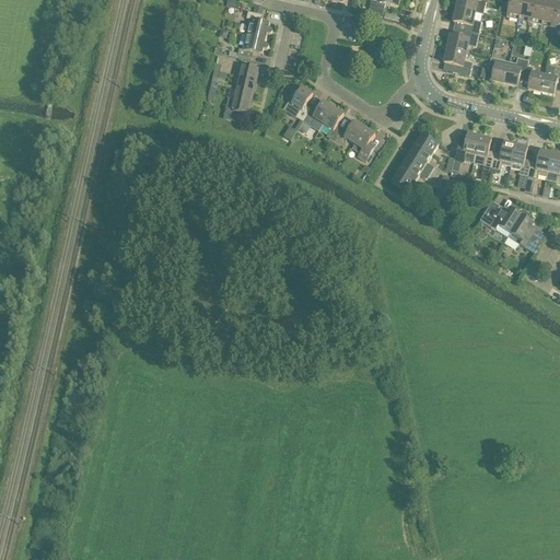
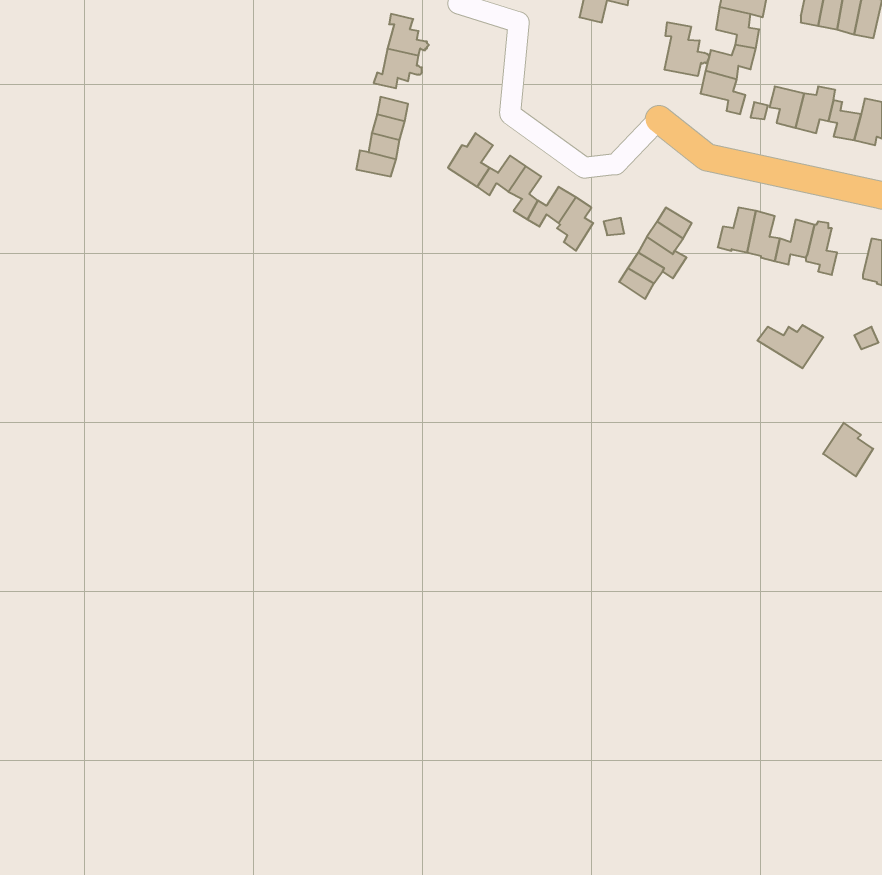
building: none -> [665,22,709,76]
building: [525,148,551,180] -> none
building: [508,213,539,247] -> [823,423,873,476]

